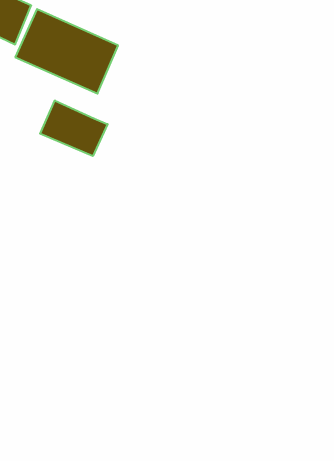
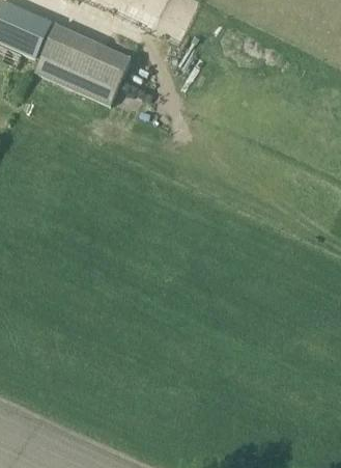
building: [40,100,108,156] -> none

